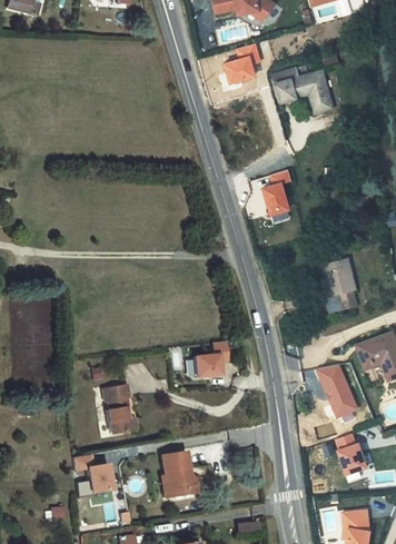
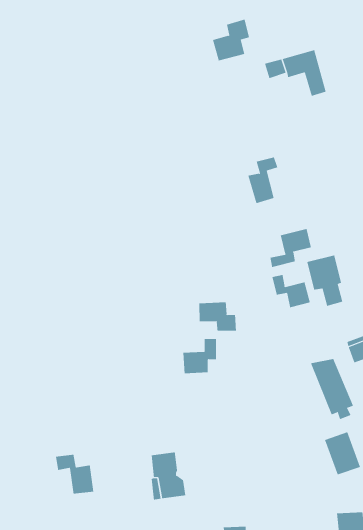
building: none -> [270,228,312,268]
building: none -> [272,274,311,308]
building: none -> [199,301,237,332]
building: [105,384,131,432] -> none

